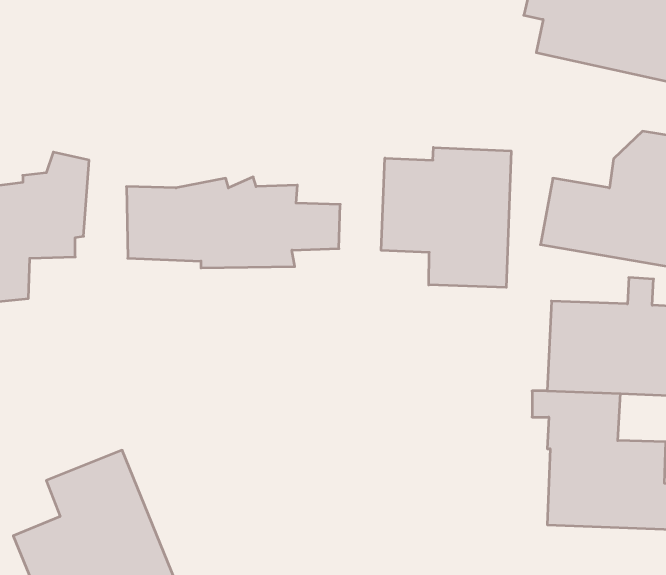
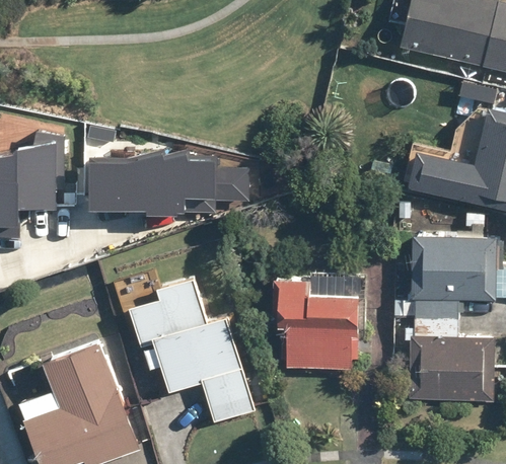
building: [381,147,511,287] -> none
building: none -> [269,274,362,370]
building: none -> [126,278,258,426]

